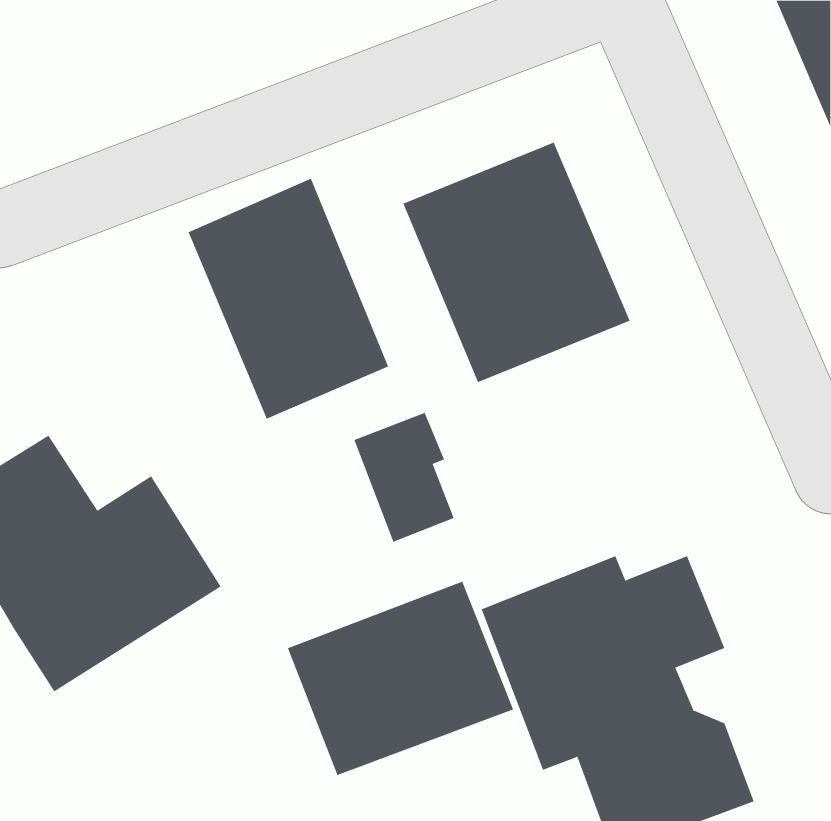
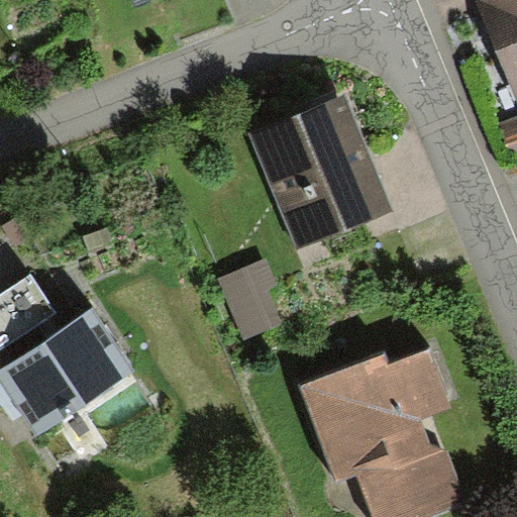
building: [188,178,389,419] -> none
building: [287,581,514,776] -> none

